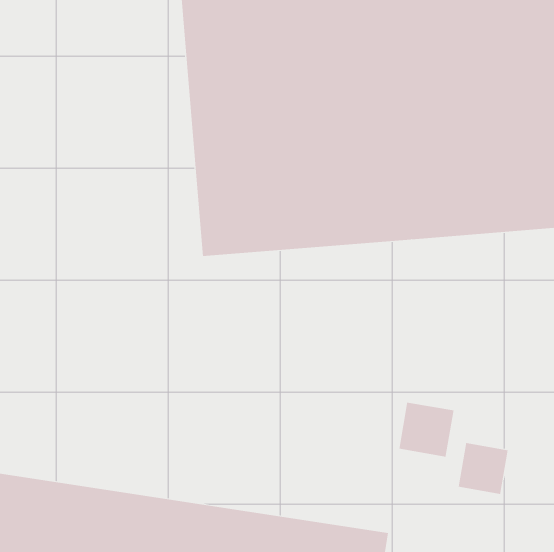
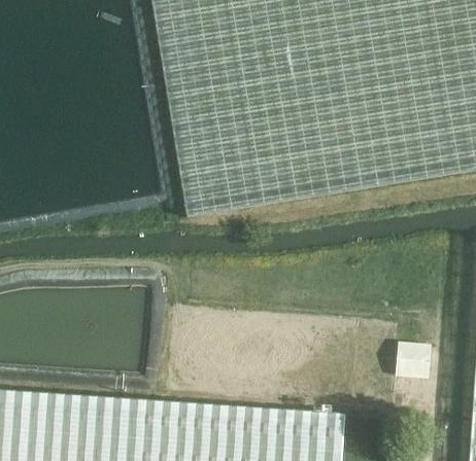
building: [399,402,454,458] -> none

